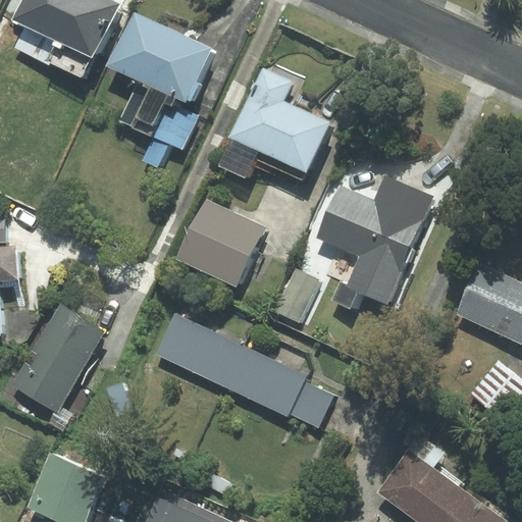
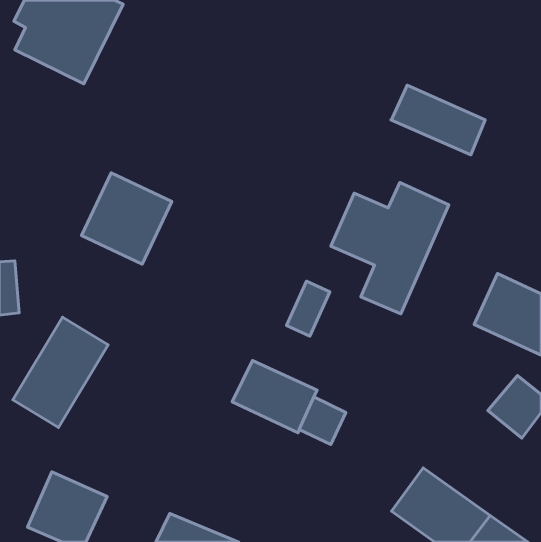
building: [107,11,211,167] -> none
building: [217,64,329,180] -> none
building: none -> [391,85,485,155]
building: [176,199,263,286] -> [82,173,172,264]
building: [159,315,243,386] -> none

